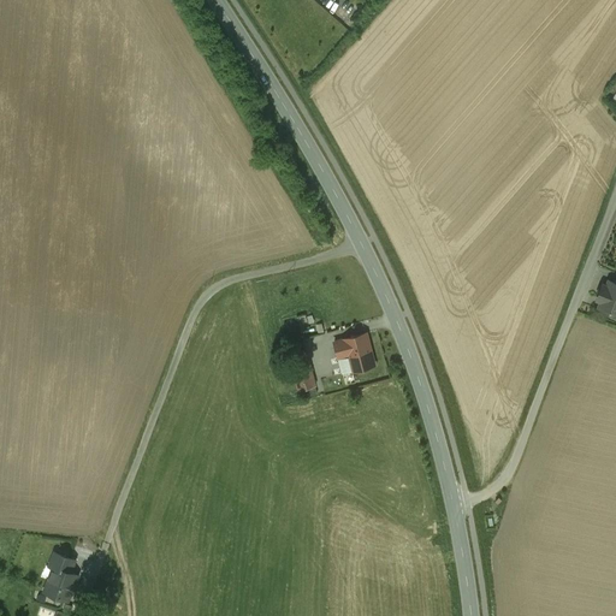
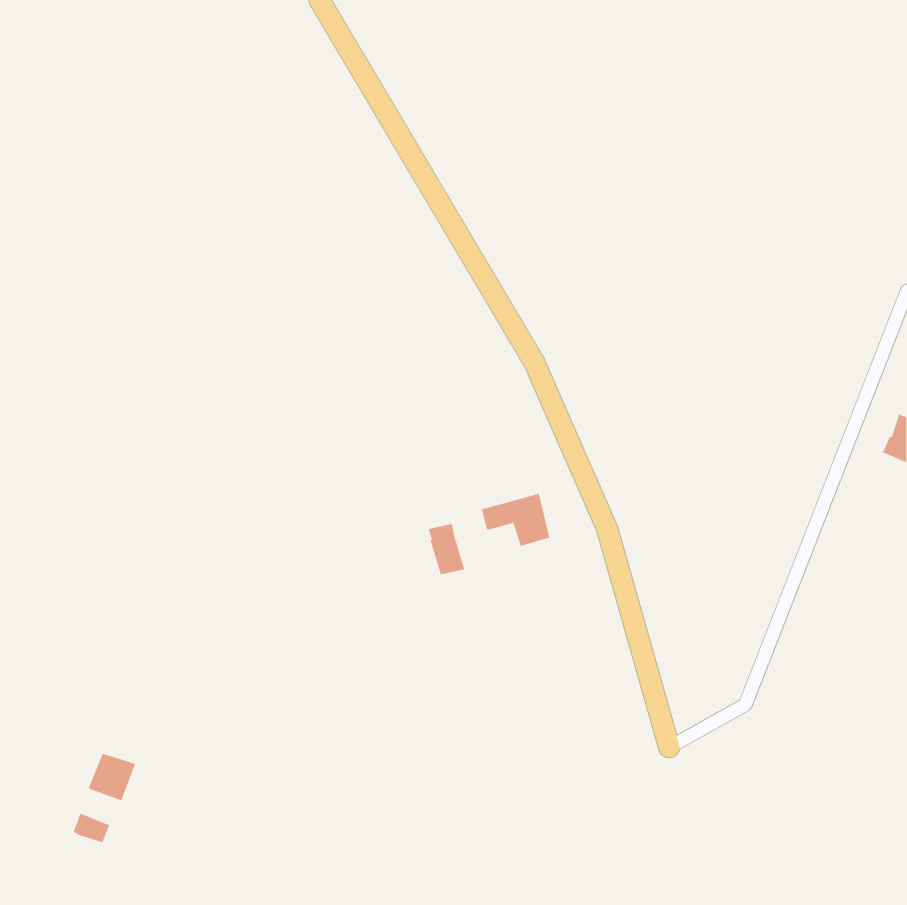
building: [45,568,77,600] -> [88,753,136,801]

